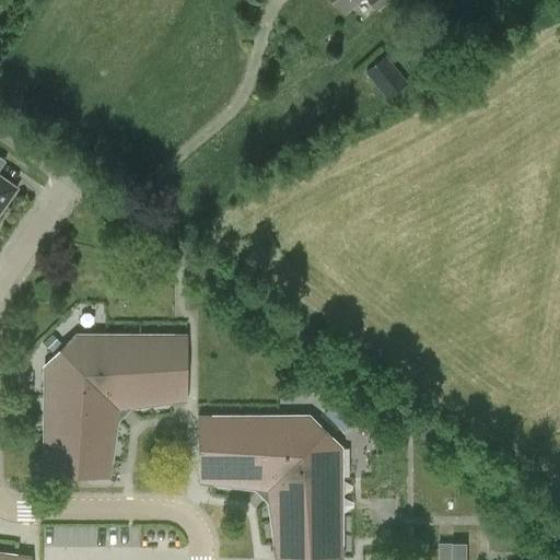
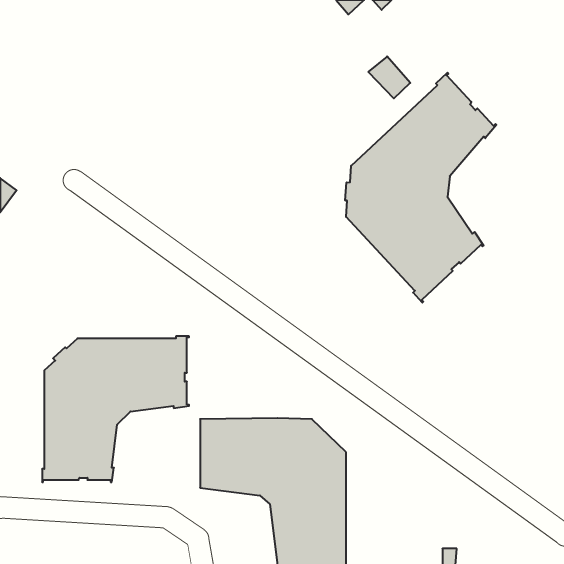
building: none -> [345,73,496,303]

